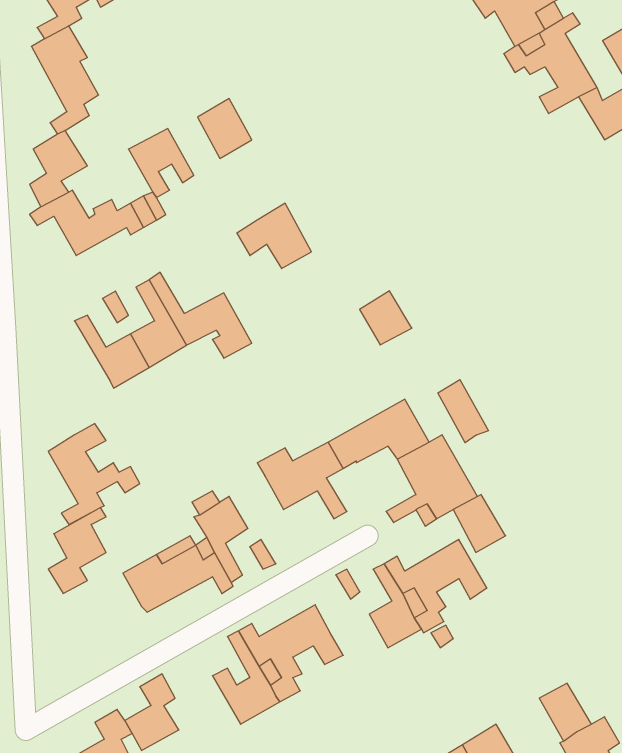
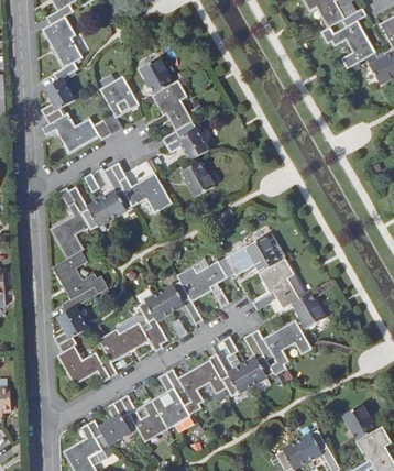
building: none -> [146,80,193,132]
building: [360,291,412,345] -> [183,164,214,196]
building: none -> [52,188,89,258]
building: [438,380,488,443] -> none
building: none -> [160,282,203,324]
building: none -> [57,344,117,384]
building: none -> [209,353,253,395]
building: none -> [120,394,166,440]

